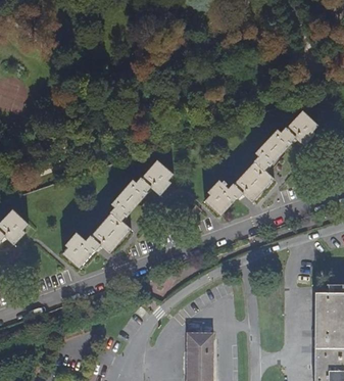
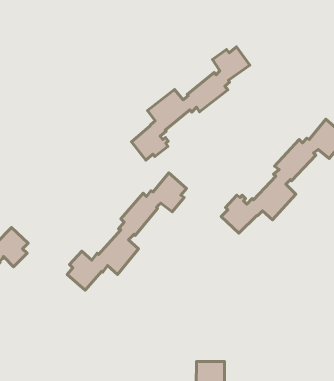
building: none -> [131,47,250,160]

